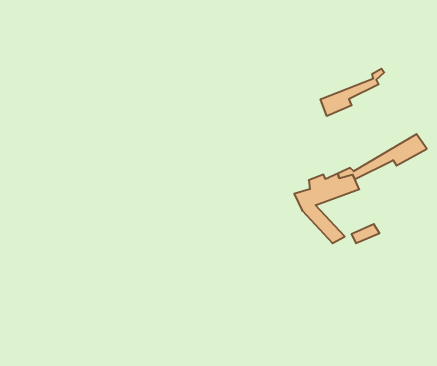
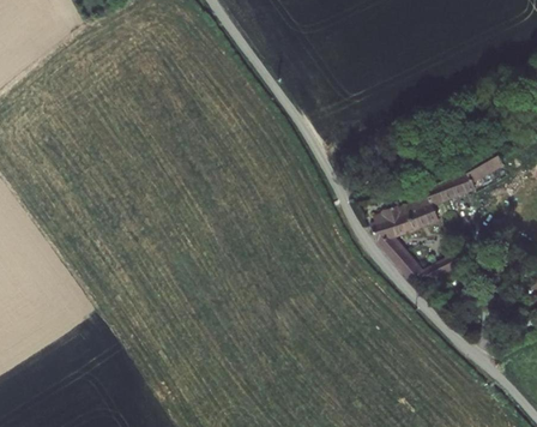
building: [321,69,384,116] -> none

